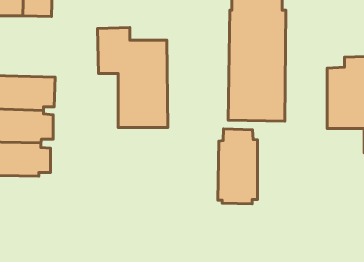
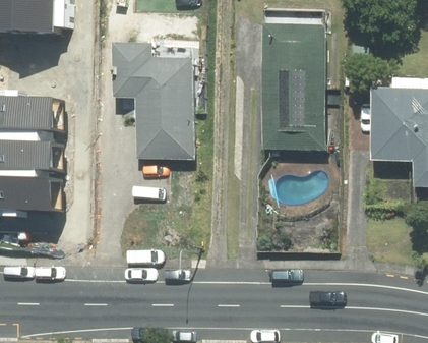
building: [218,129,258,204] -> none

